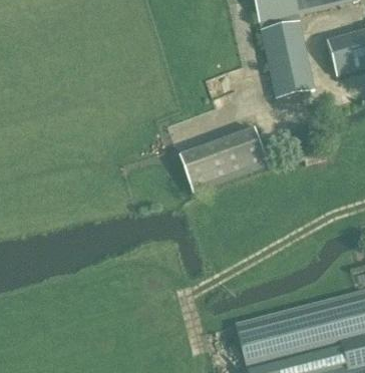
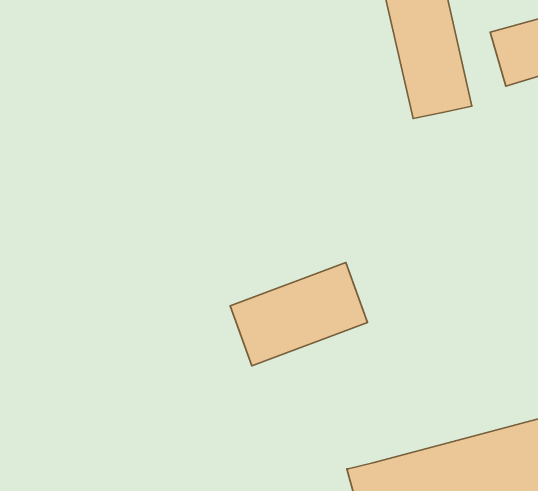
building: [178,126,268,194] -> [230,262,368,366]

